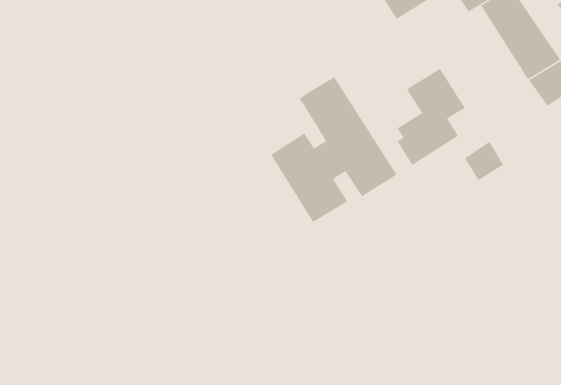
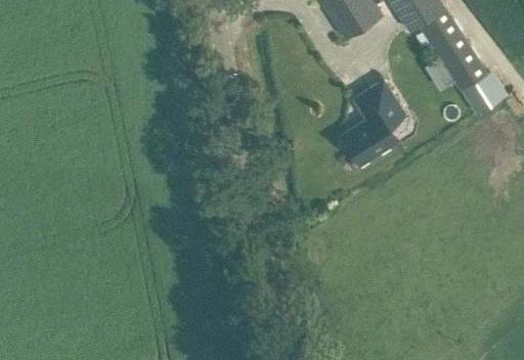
building: [270,76,398,223] -> none
building: [464,141,504,181] -> none

